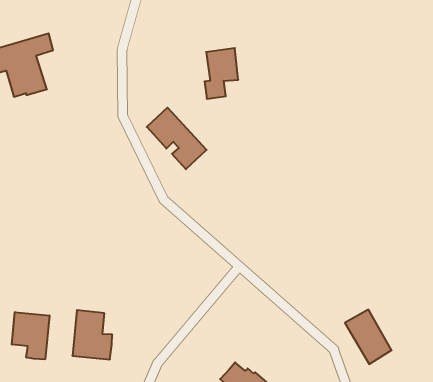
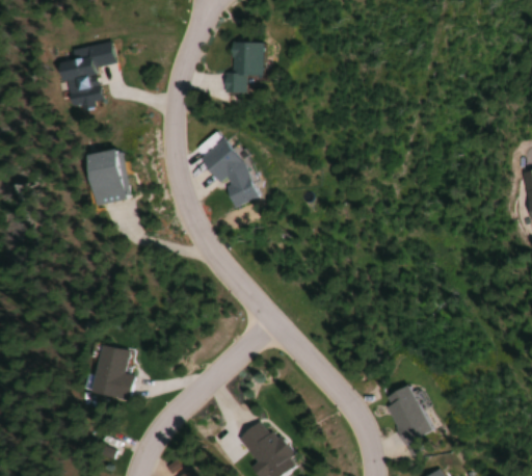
building: [204,48,238,99] -> [229,42,266,91]
building: none -> [80,148,131,207]
building: [12,312,49,359] -> none

